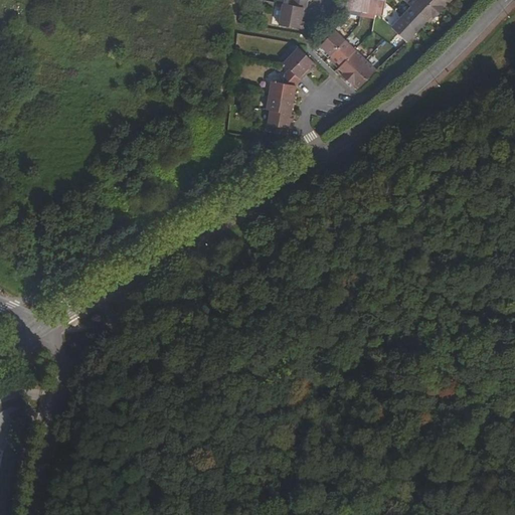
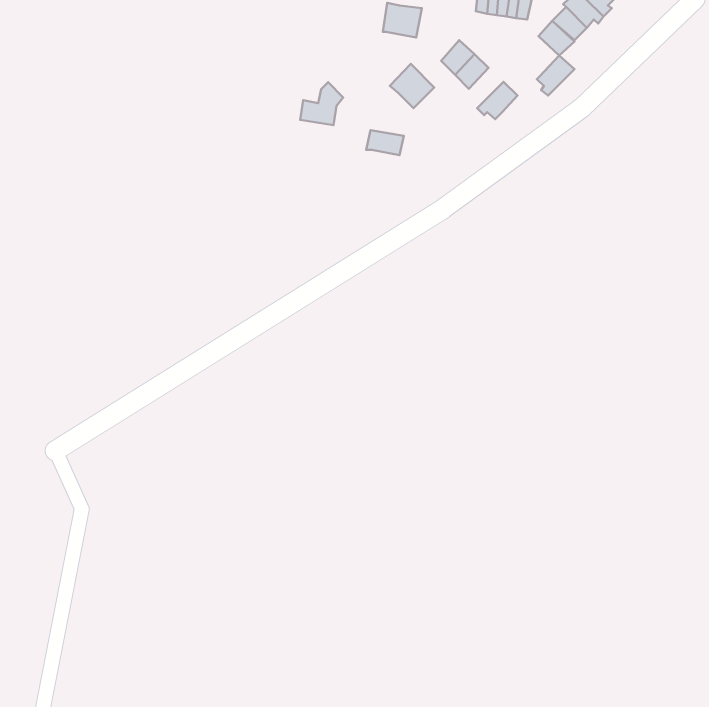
building: [338,49,365,78] -> [537,55,574,96]
building: [269,67,300,99] -> [300,82,343,125]
building: [268,109,294,135] -> none

